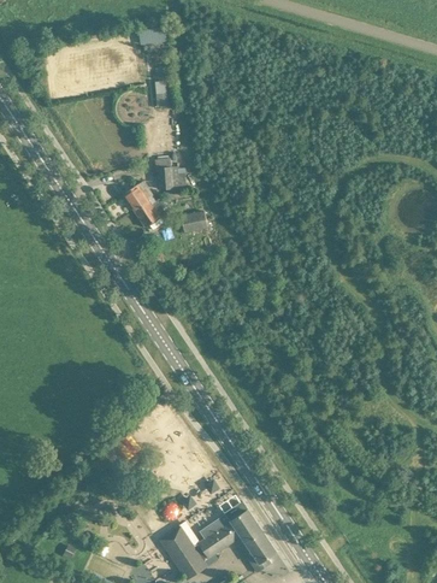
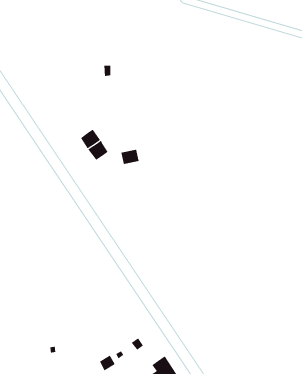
building: [158,160,182,190] -> none

